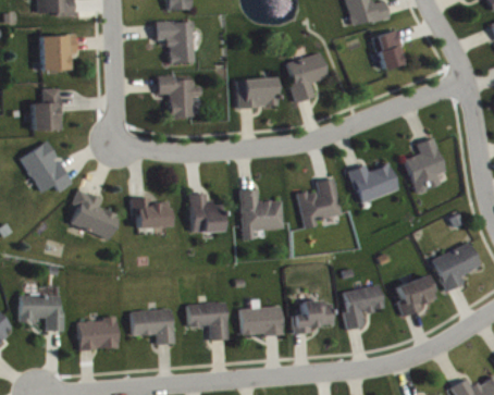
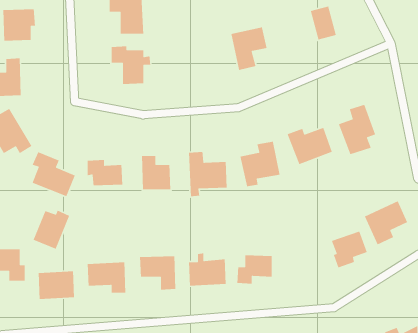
building: [236,78,276,108] -> none
building: none -> [32,210,70,250]
building: [343,285,383,330] -> none

